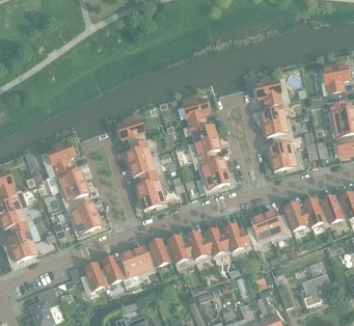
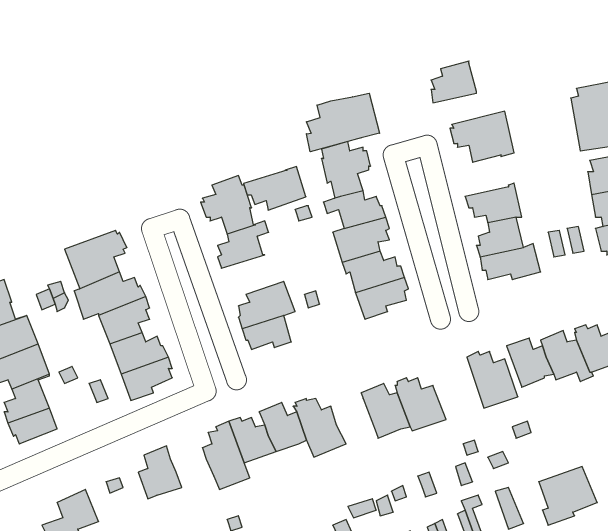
building: none -> [306,93,380,152]
building: [260,102,284,125] -> [431,61,476,103]
building: [127,155,161,179] -> [244,167,306,210]
building: [246,213,270,247] -> none
building: [185,232,212,261] -> none
building: [99,254,122,284] -> none

